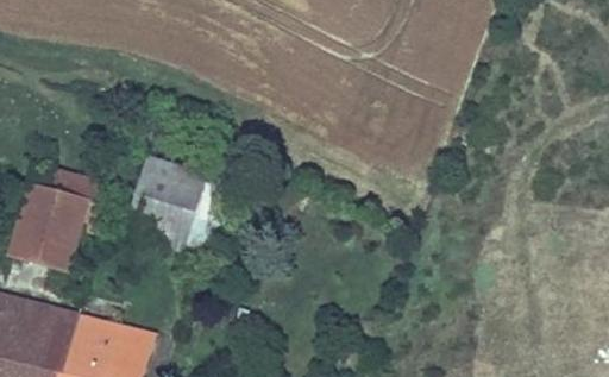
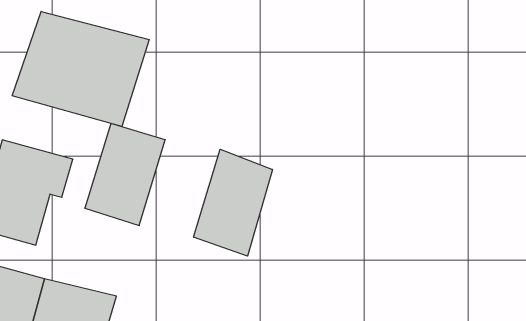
building: none -> [12,11,149,126]
building: none -> [194,149,272,256]

